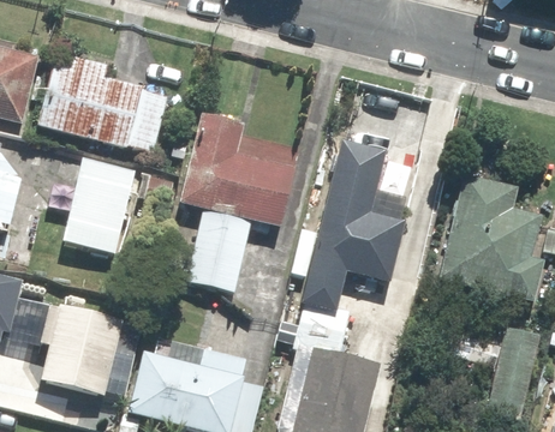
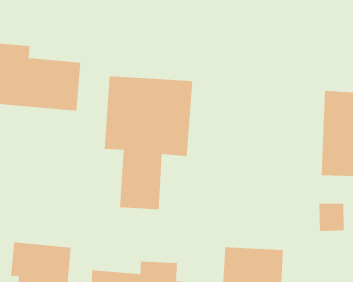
building: [304,143,401,313] -> none
building: [66,158,175,233] -> none

